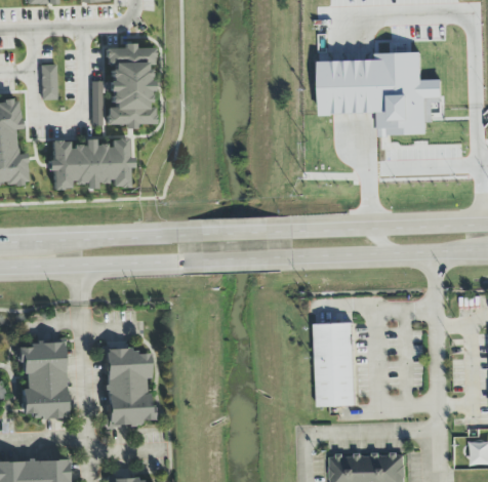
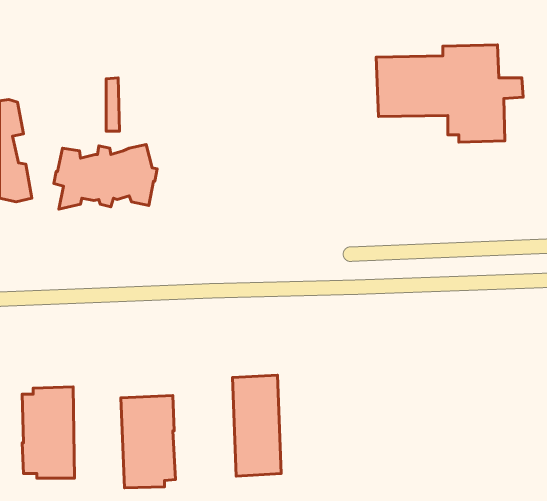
building: [104,42,155,129] -> none
building: [39,64,56,98] -> none
building: [314,322,355,407] -> [232,375,281,476]

